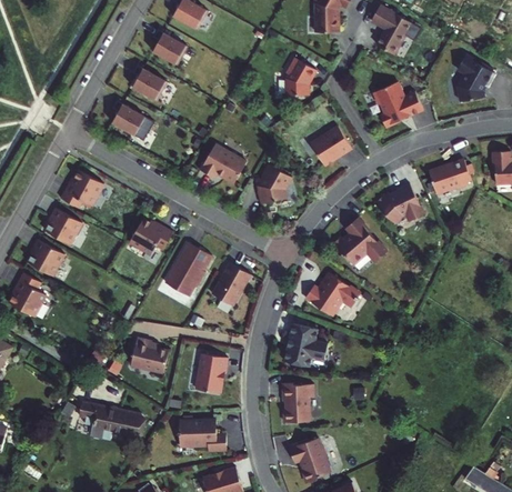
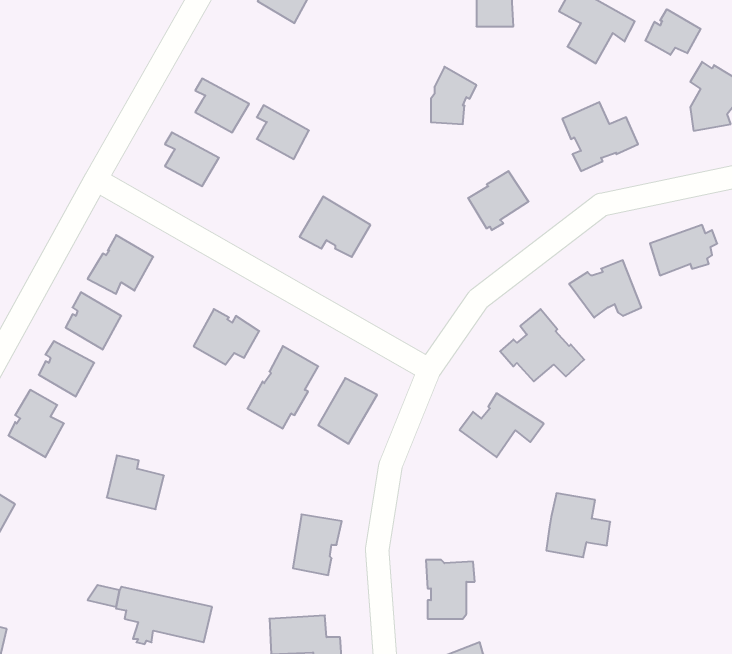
building: none -> [645,9,701,55]
building: [150,30,184,66] -> [257,105,309,159]
building: [255,164,290,204] -> none
building: [284,324,327,367] -> [546,493,610,557]
building: [130,337,168,372] -> [107,455,164,509]

